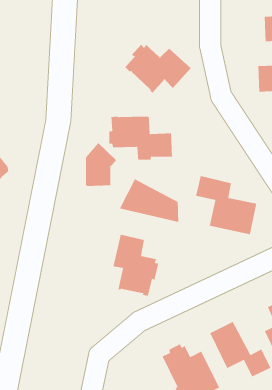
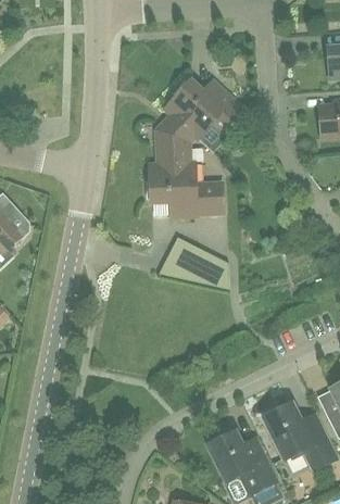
building: [85,142,117,187] -> [158,112,194,164]
building: [195,175,257,235] -> none
building: [113,234,159,296] -> none

